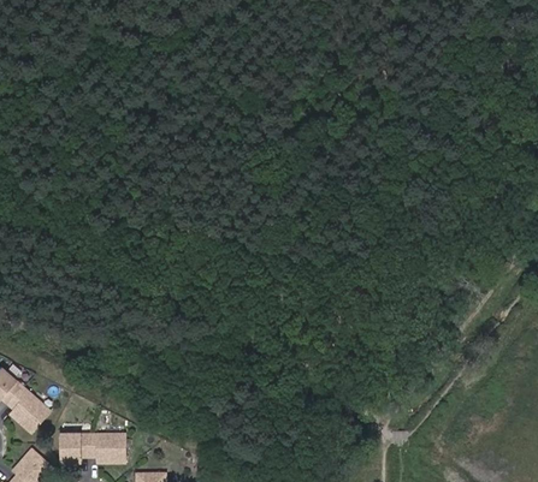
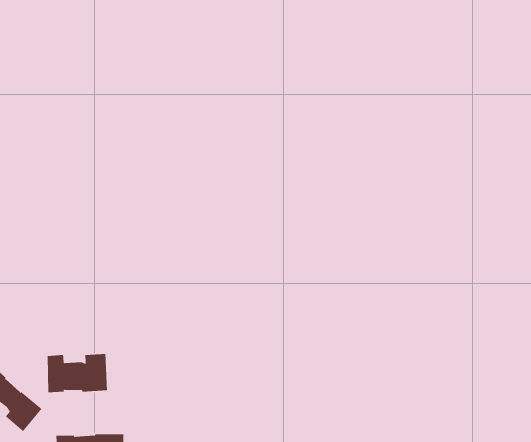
building: none -> [47,353,108,393]

